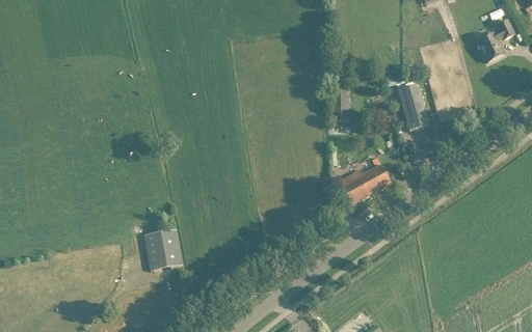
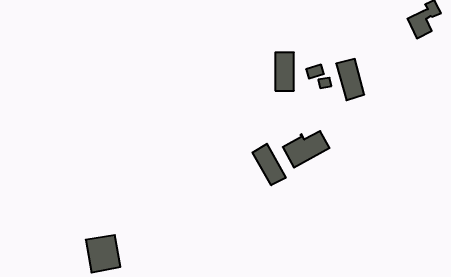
building: none -> [252,144,286,185]
building: [144,228,183,270] -> [86,235,120,273]

